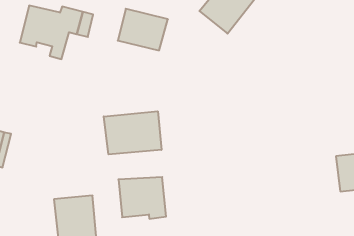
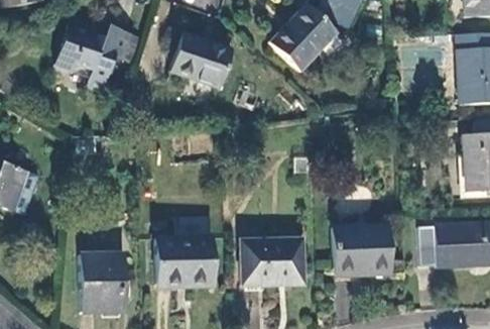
building: [104,111,161,154] -> none
building: none -> [333,227,389,277]
building: none -> [243,240,302,284]

